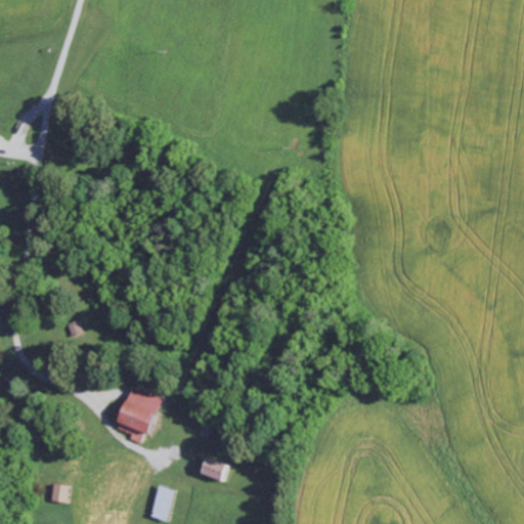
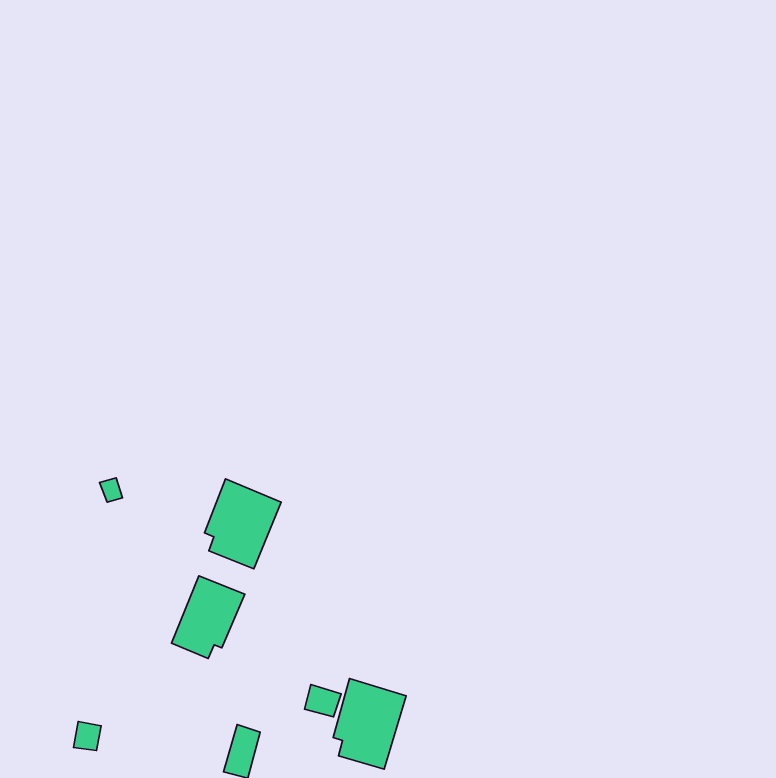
building: none -> [205,479,281,569]
building: none -> [333,679,406,769]

